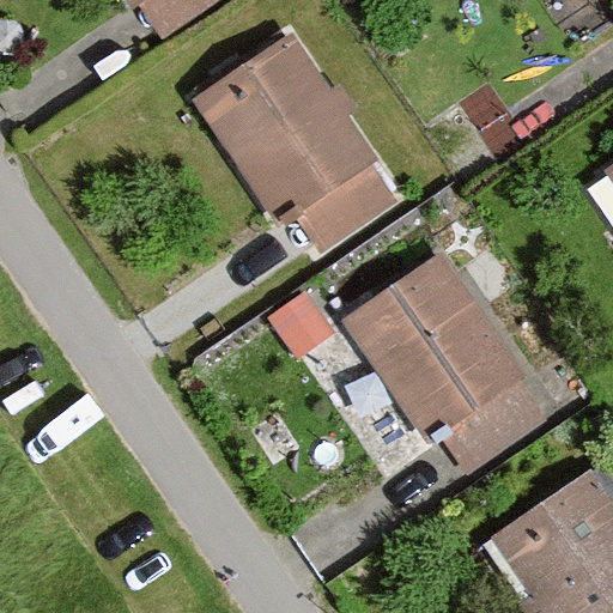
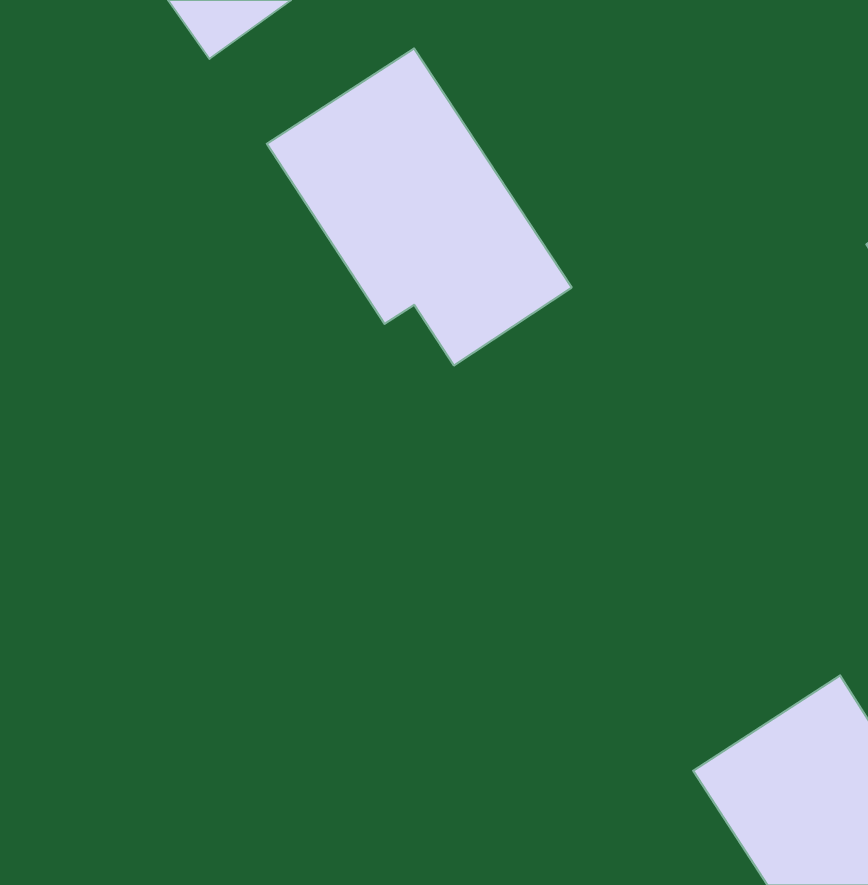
building: [335,254,546,473] -> none

